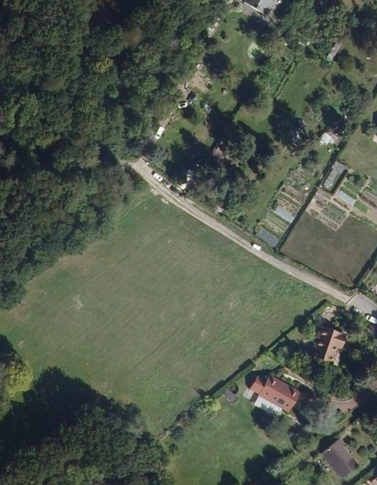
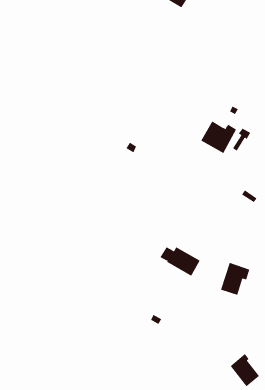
building: none -> [201,120,237,154]
building: [249,375,299,412] -> [160,247,200,277]

